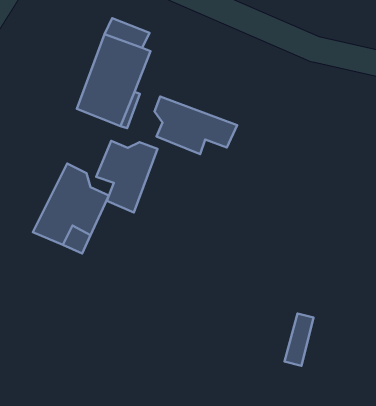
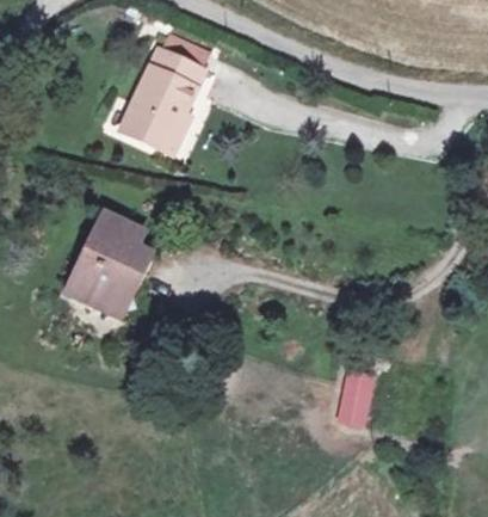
building: [154,96,237,154] -> none
building: [96,141,158,213] -> none

